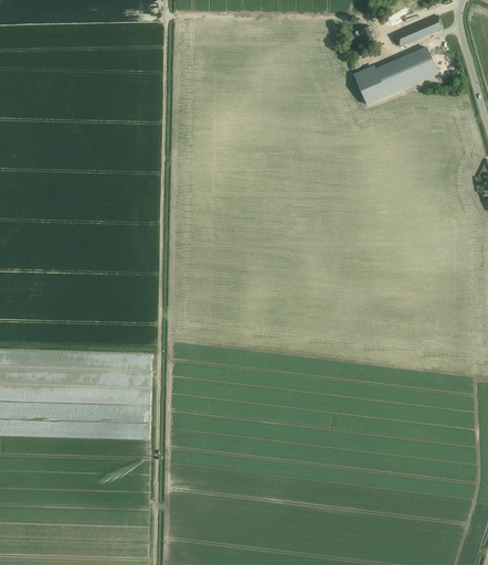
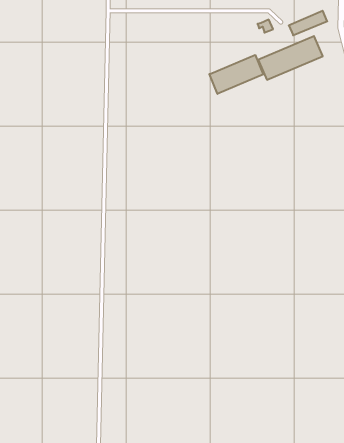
building: none -> [209,55,263,94]

